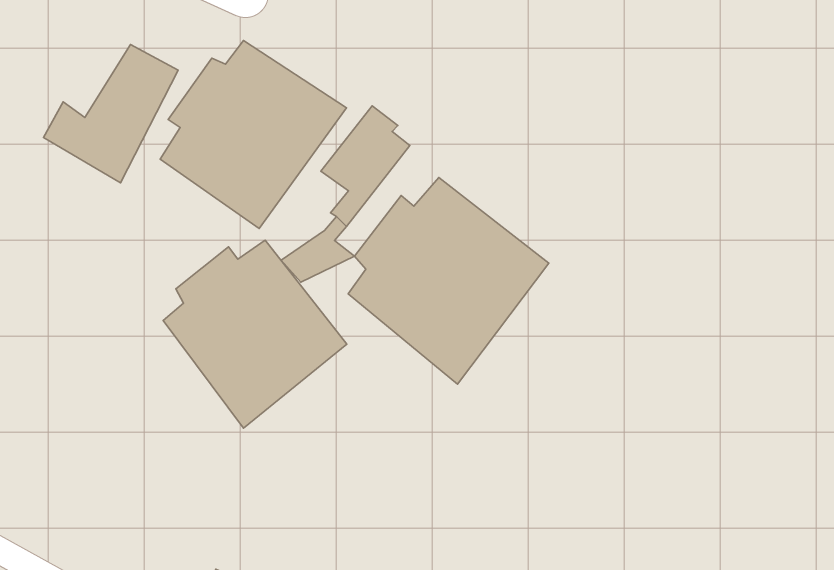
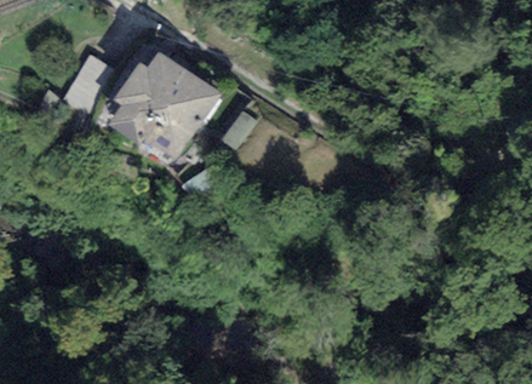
building: [348,178,549,384] -> none
building: [163,240,347,428] -> none

